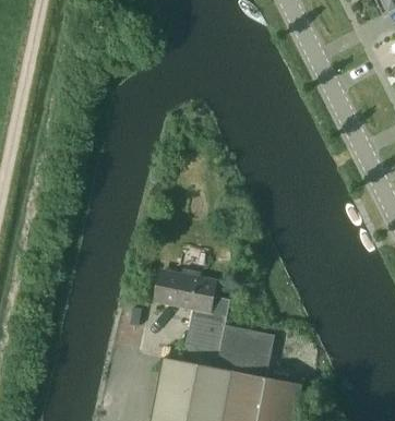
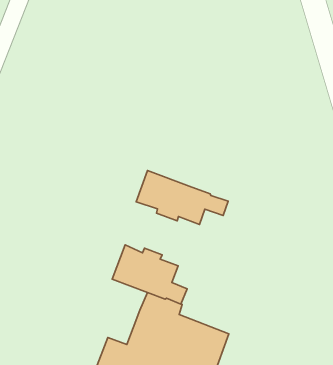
building: none -> [136,171,228,224]

